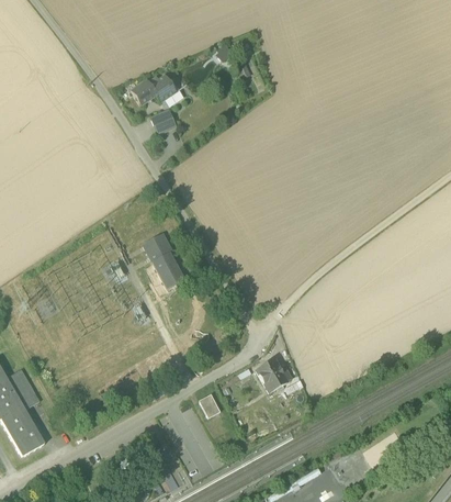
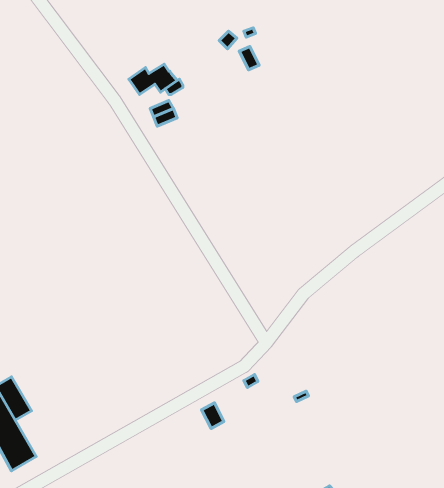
building: [143,232,183,288] -> none
building: [256,358,291,391] -> none

